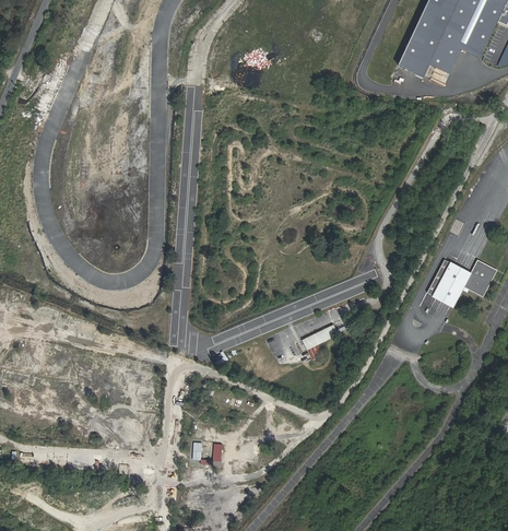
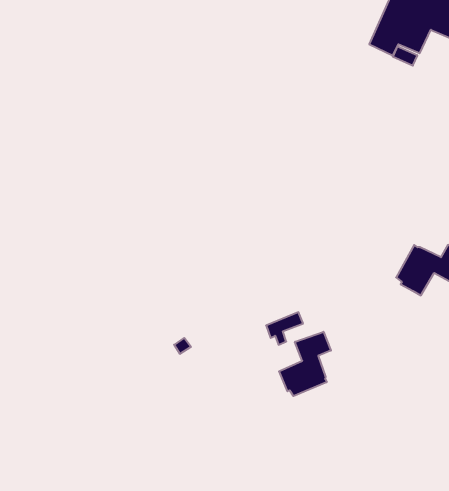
building: none -> [279,332,331,396]

